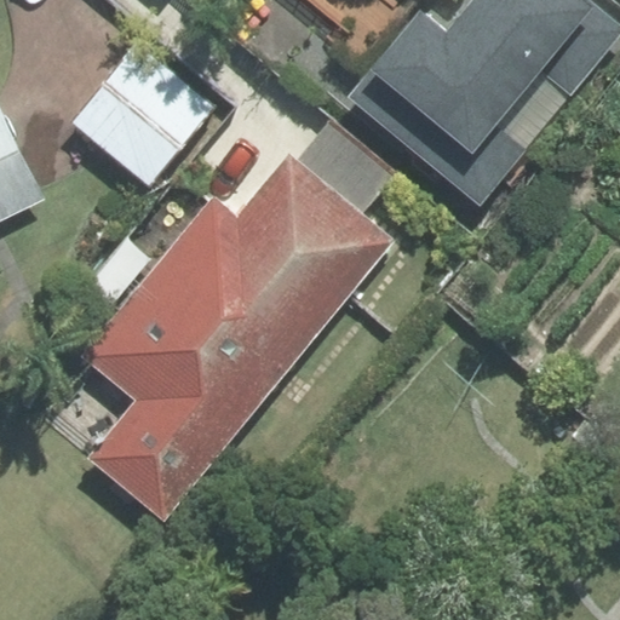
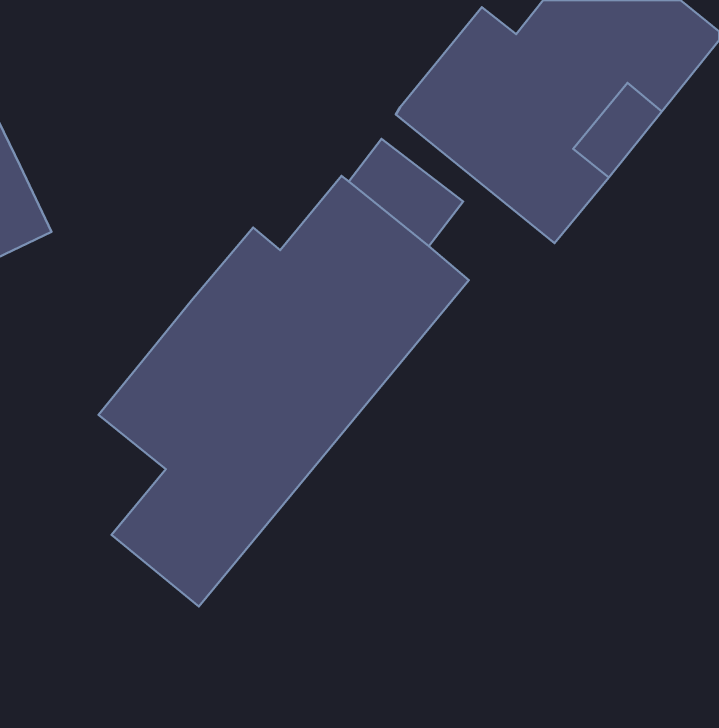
building: [71,40,218,185] -> none

